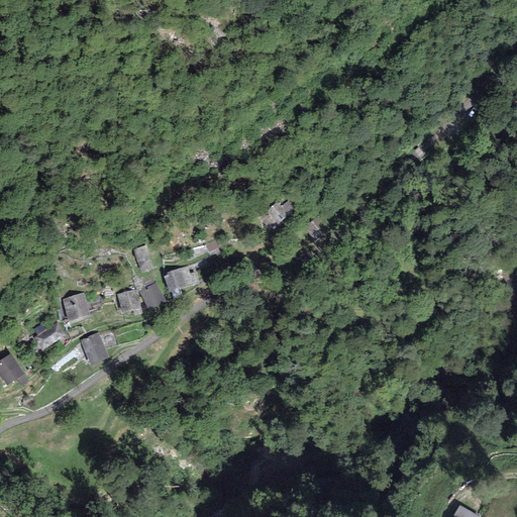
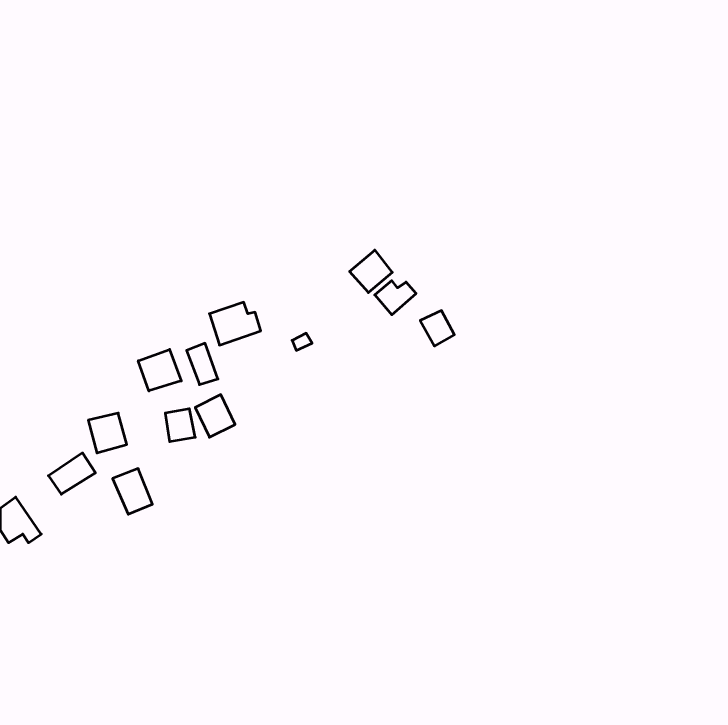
building: none -> [350,250,392,293]
building: none -> [138,349,181,391]
building: [163,264,199,294] -> [209,302,261,345]

